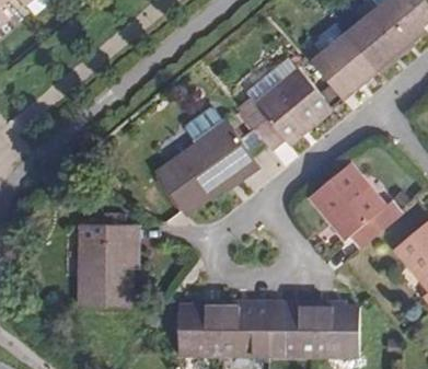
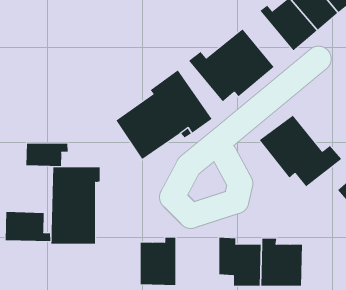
building: none -> [26,143,68,167]
building: none -> [5,211,51,242]
building: [216,300,263,354] -> none

